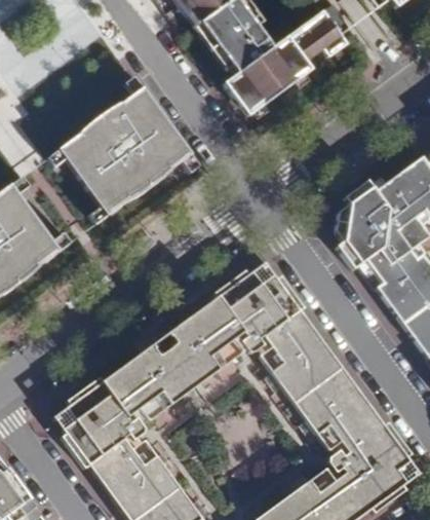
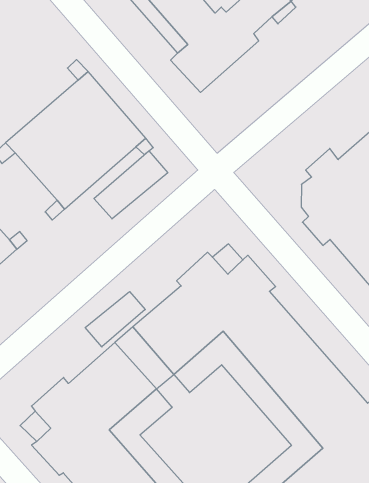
building: none -> [94,151,168,219]
building: none -> [85,292,145,347]

